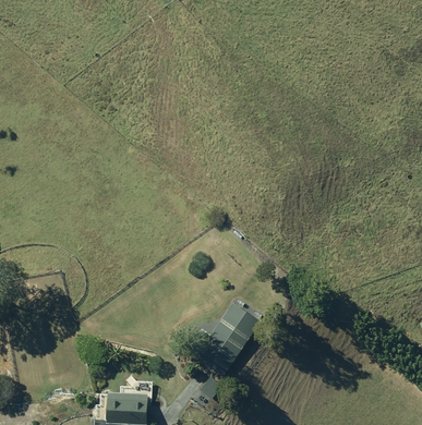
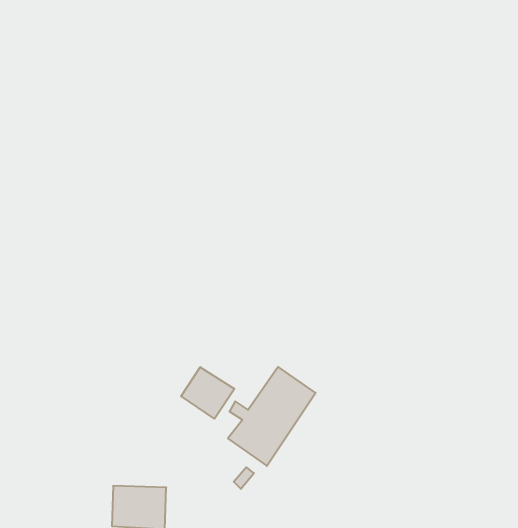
building: none -> [181,367,234,419]

